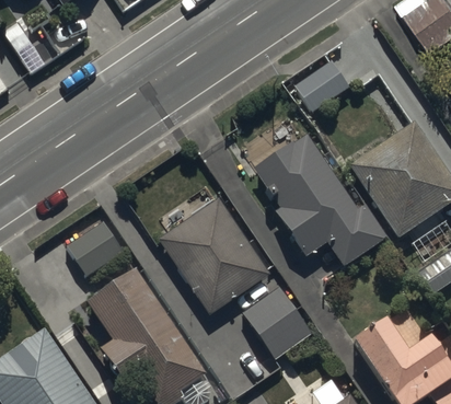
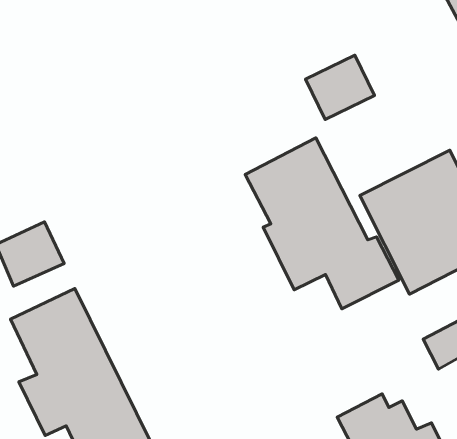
building: [159,187,270,319] -> none
building: [241,289,310,361] -> none

